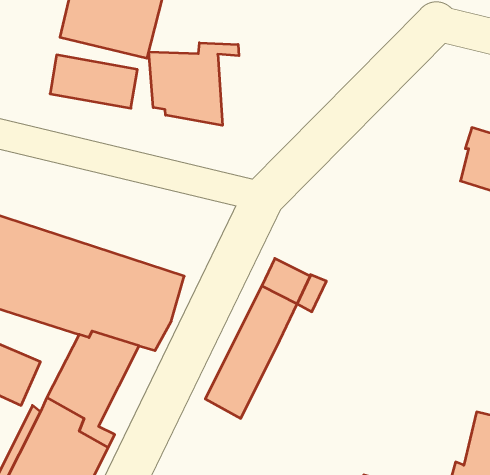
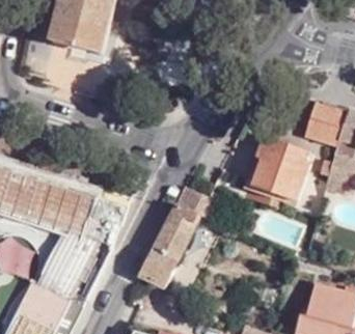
building: [149,43,239,125] -> none
building: none -> [251,138,310,201]

